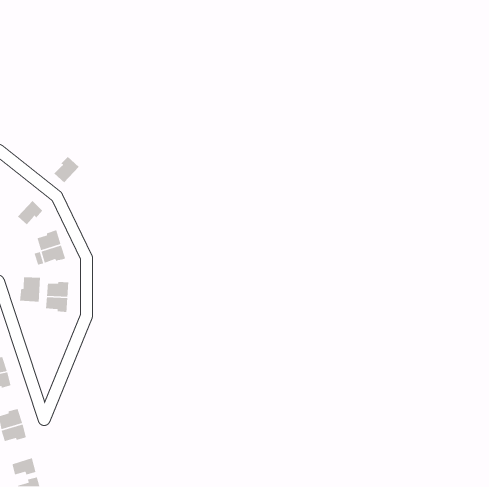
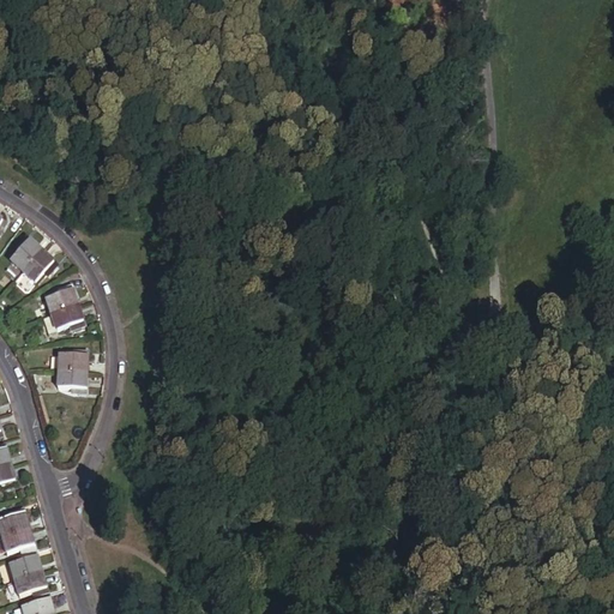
building: [53,156,79,183] -> [8,236,41,270]
building: [19,277,41,302] -> none
building: none -> [10,550,41,578]

